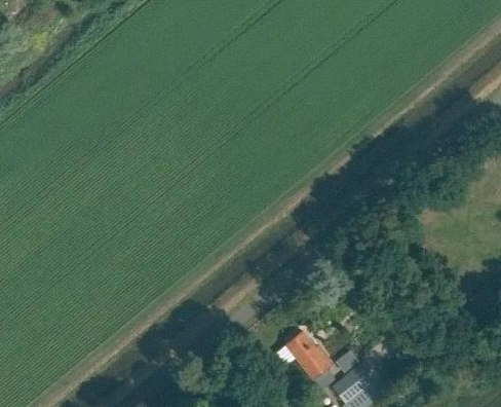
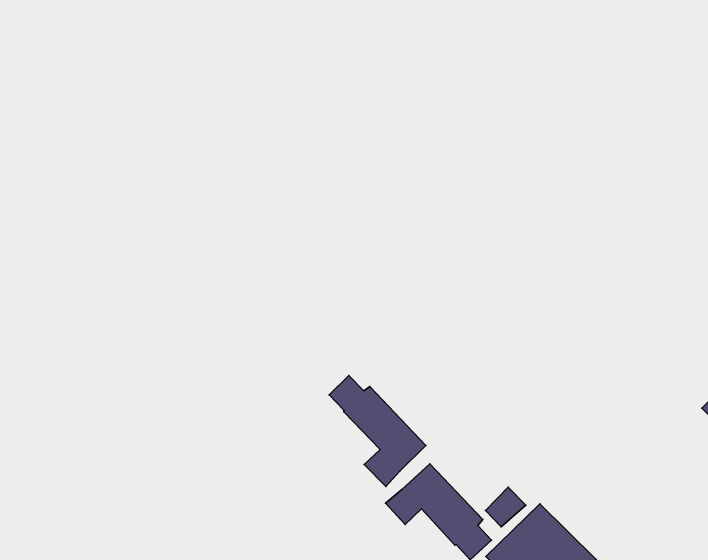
building: none -> [329,375,426,486]

